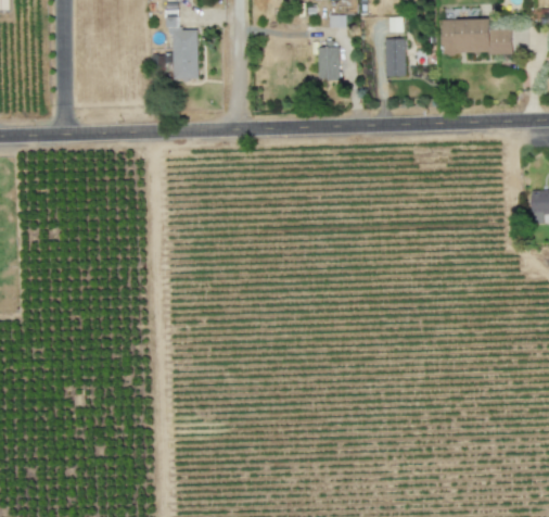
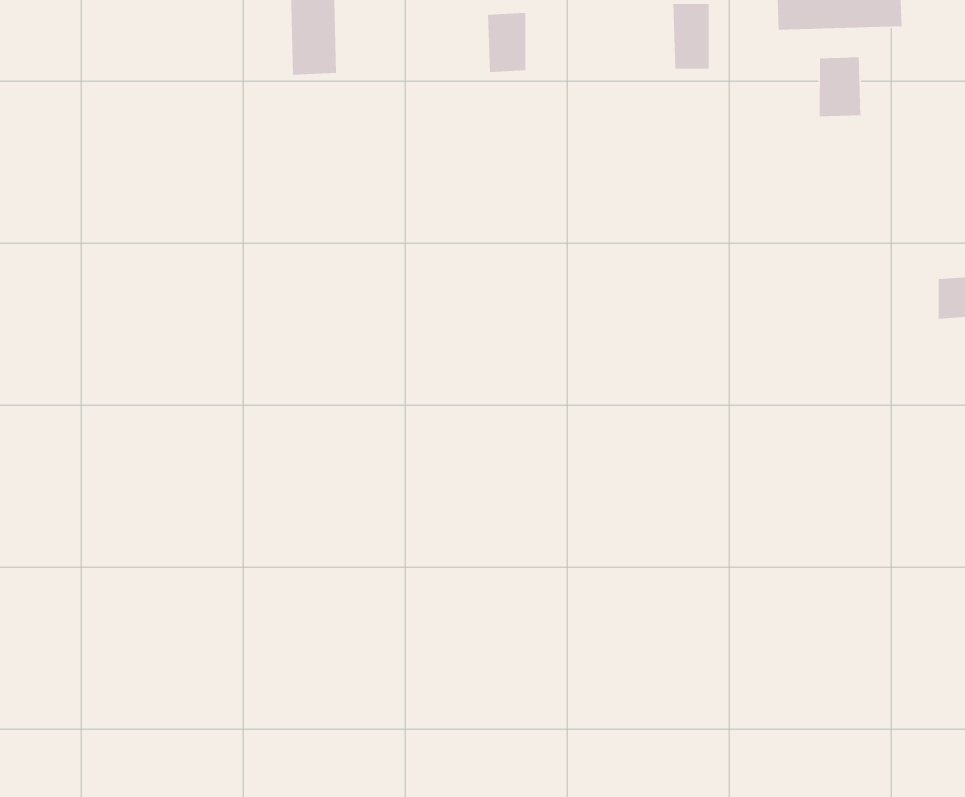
building: [317,47,339,80] -> [487,12,526,73]
building: none -> [819,56,861,117]

